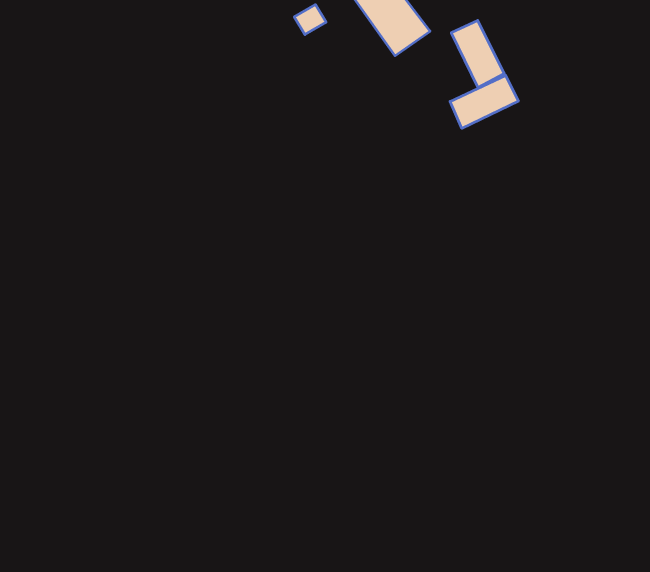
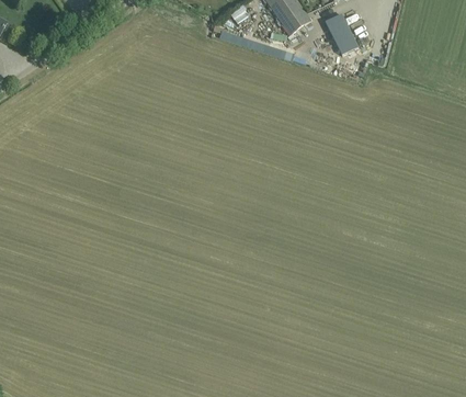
building: [450,75,518,128] -> none

